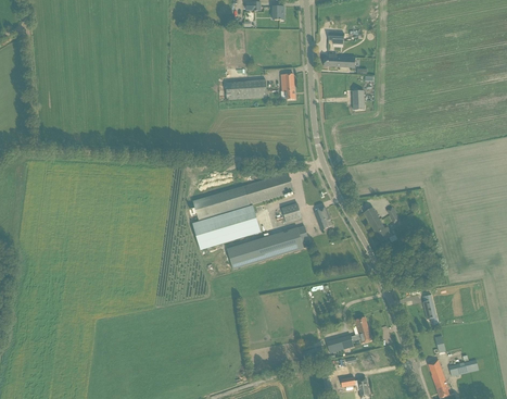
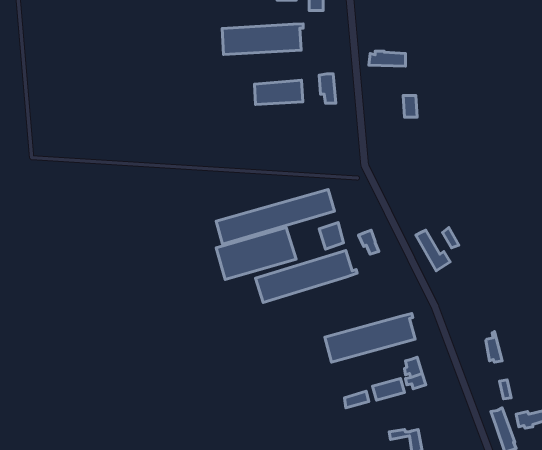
building: none -> [222,24,303,55]
building: none -> [325,314,415,362]

